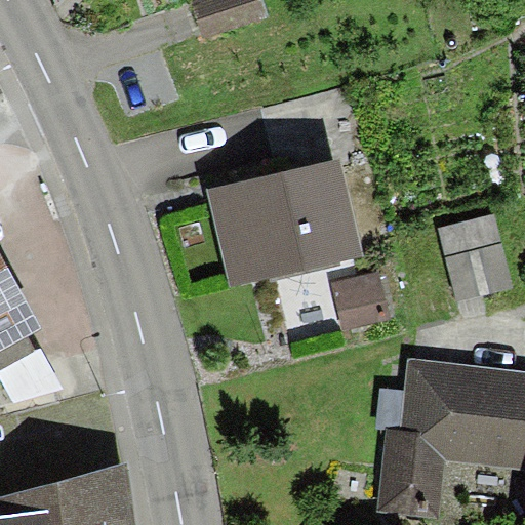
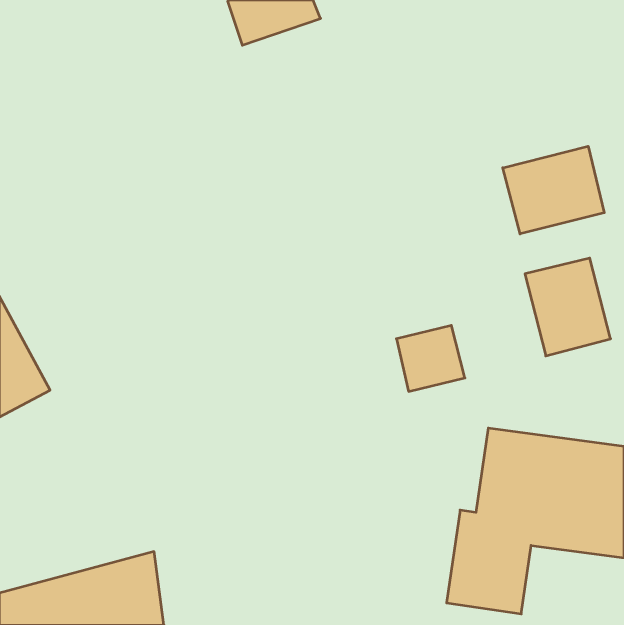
building: none -> [503,146,604,234]
building: [206,159,361,288] -> none

